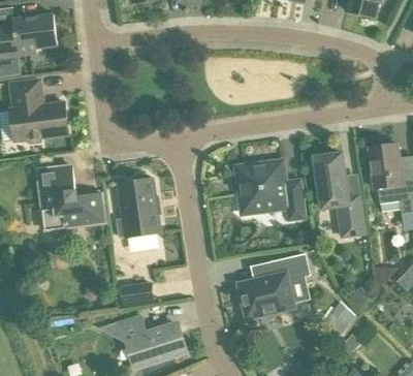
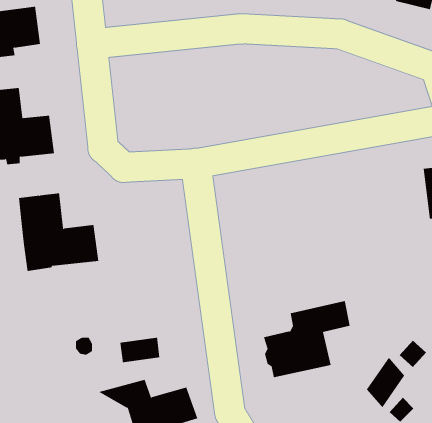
building: [315,153,364,237] -> none
building: [237,161,306,220] -> none
building: [117,173,161,238] -> none

